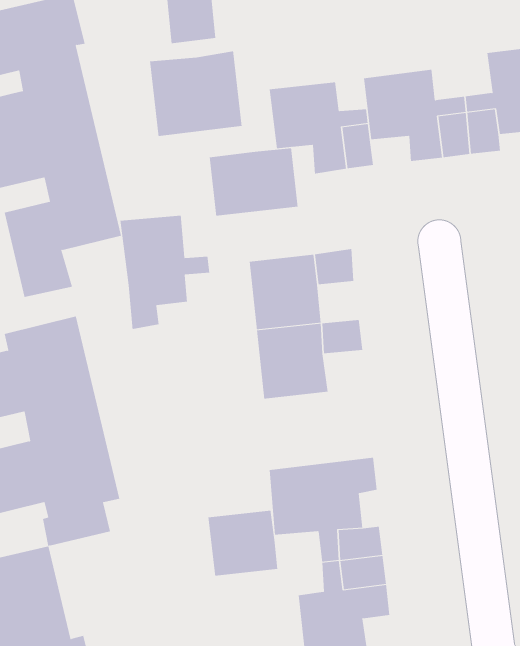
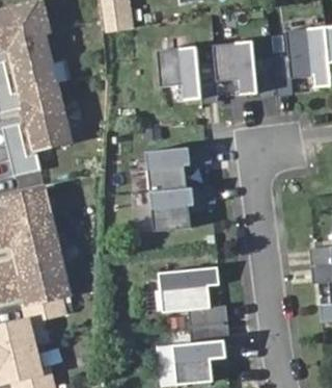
building: [150,51,242,137] -> none
building: [209,147,298,217] -> none
building: [120,215,210,330] -> none
building: [208,510,278,576] -> none

